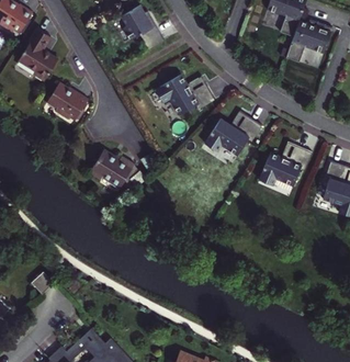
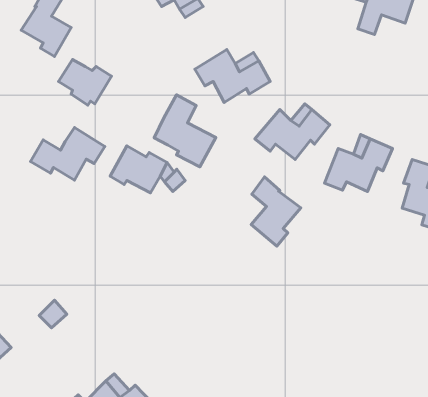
building: none -> [154,95,216,167]
building: none -> [30,127,105,180]
building: none -> [251,177,301,246]

